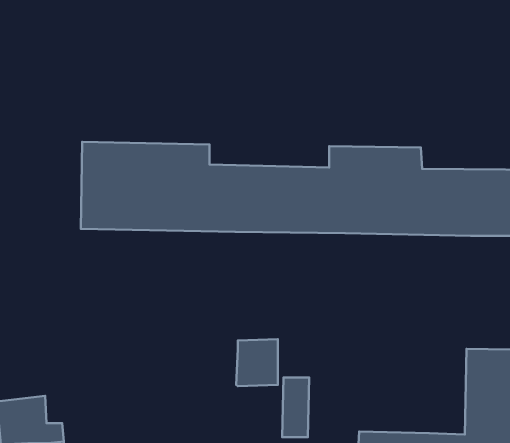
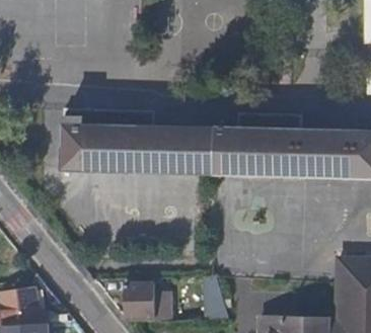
building: [236,339,278,386] -> [123,283,152,317]

